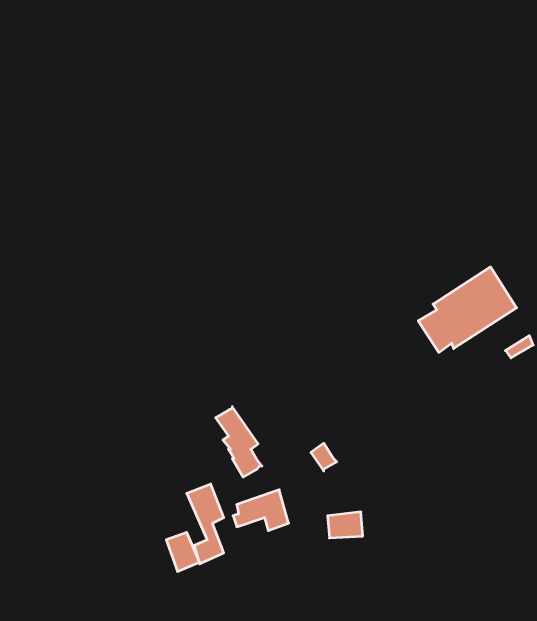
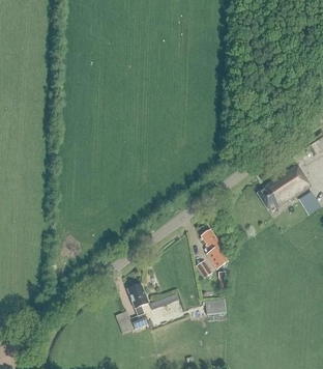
building: [216,407,262,477] -> [200,229,226,268]

